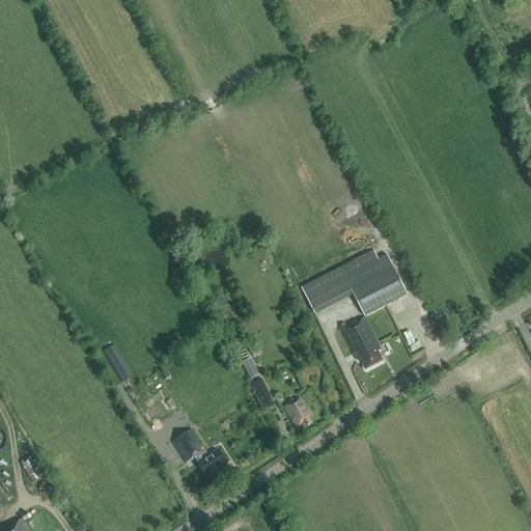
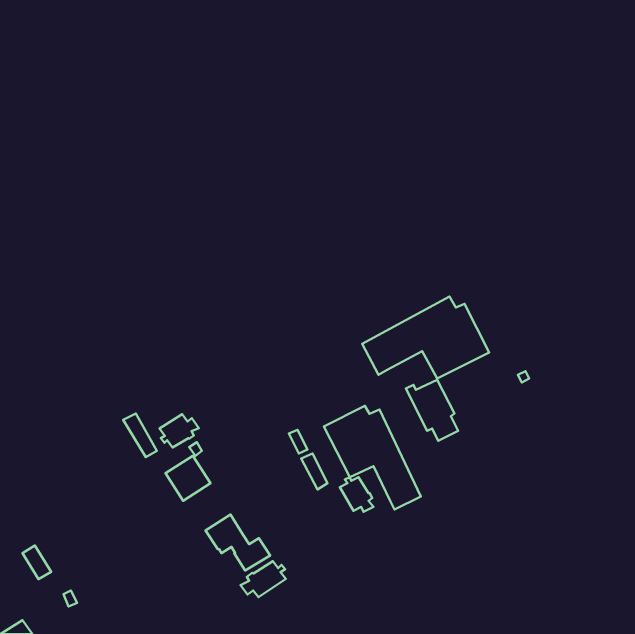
building: none -> [324,406,421,510]
building: none -> [160,414,199,448]
building: none -> [241,561,286,597]

